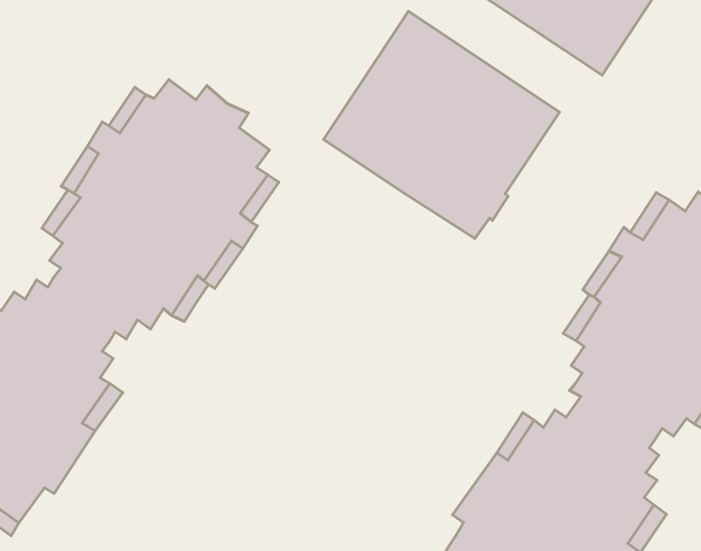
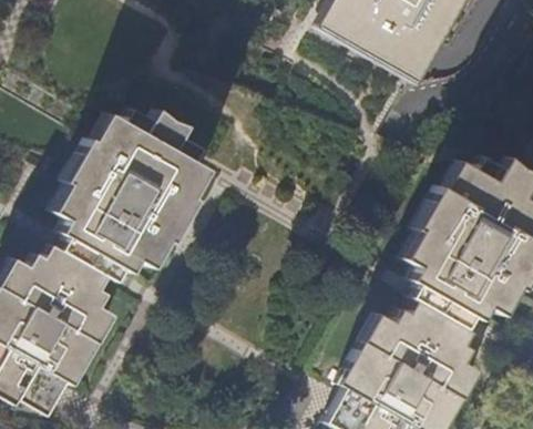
building: [323,11,560,238] -> none

